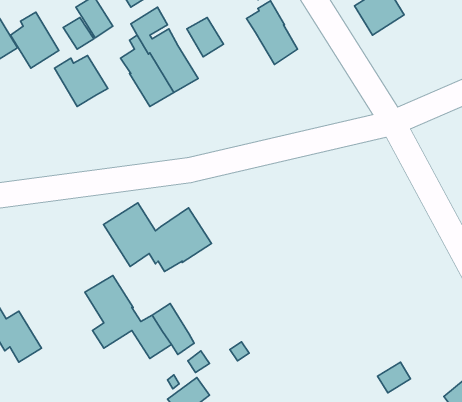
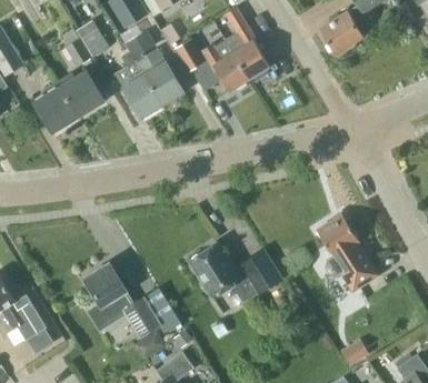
building: [10,12,59,68] -> [34,83,77,132]
building: none -> [201,40,249,92]
building: [103,203,211,271] -> [188,243,282,303]
building: none -> [316,214,379,292]

